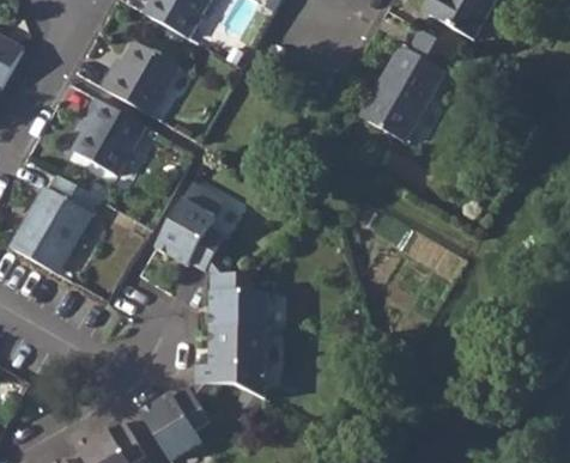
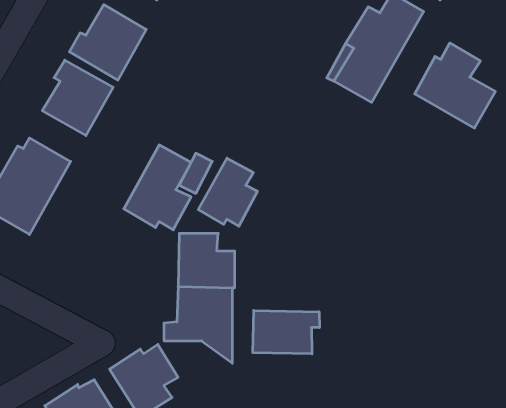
building: none -> [415,43,495,128]
building: none -> [198,158,257,226]
building: none -> [253,310,319,354]

